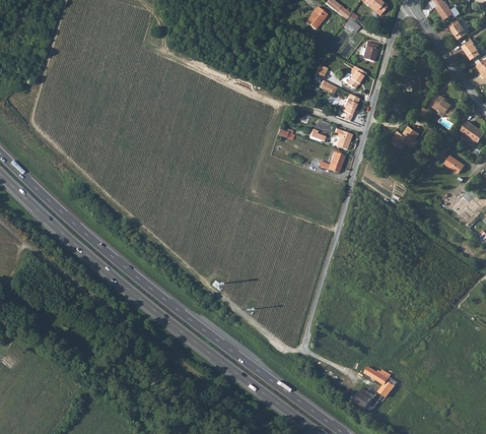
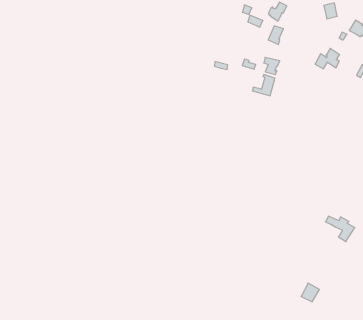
building: [364,366,397,396] -> [325,216,355,242]

